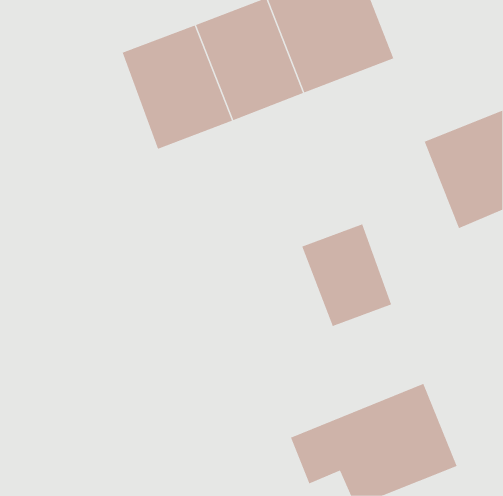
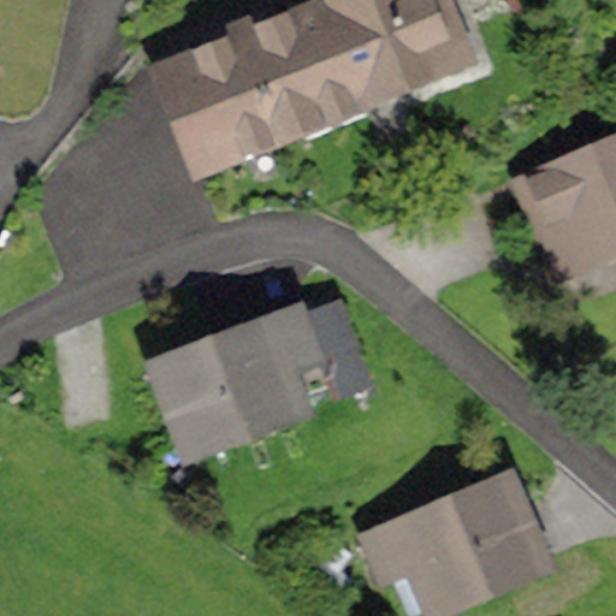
building: [302,224,392,327] -> none
building: none -> [141,295,372,470]

